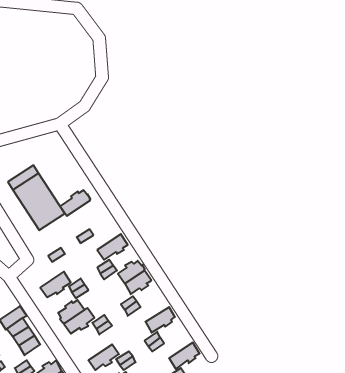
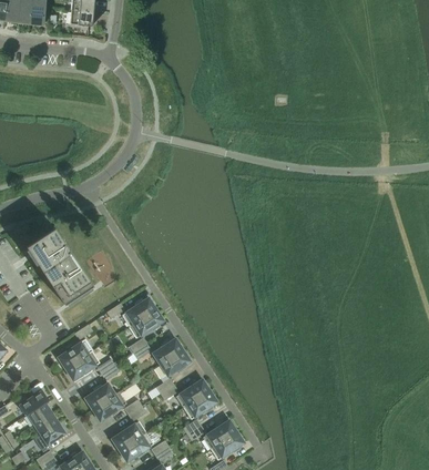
building: [60,190,90,216] -> [121,297,155,326]
building: none -> [57,338,92,368]
building: none -> [175,378,210,407]
building: none -> [202,419,236,448]
building: none -> [111,420,145,450]

